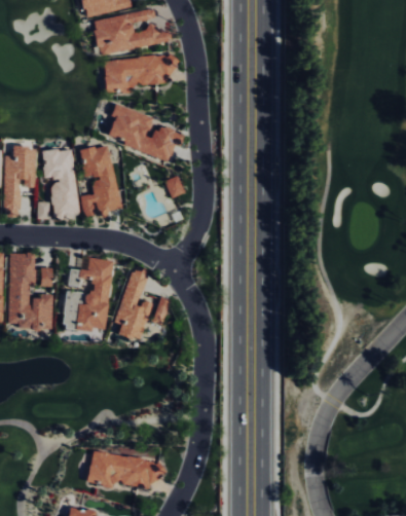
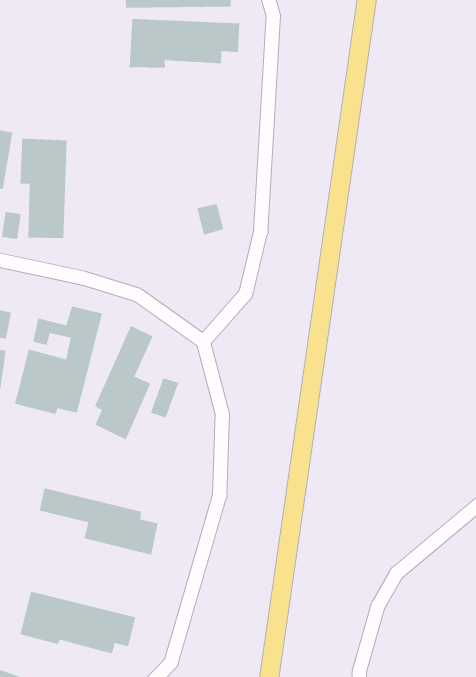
building: [109,105,181,161] -> none
building: [79,144,122,217] -> none
building: none -> [39,487,158,556]

